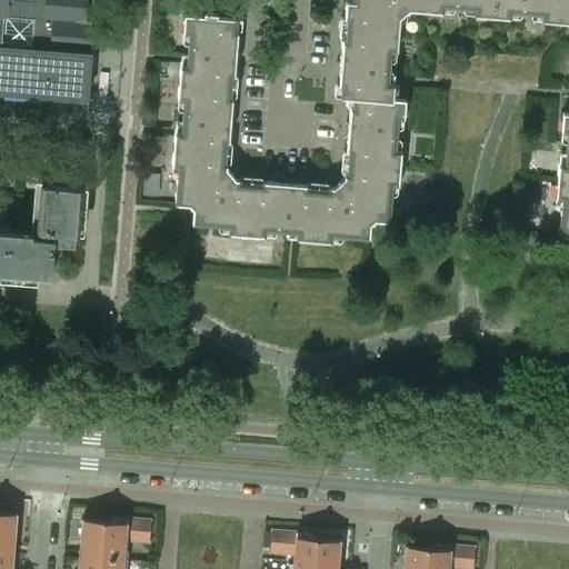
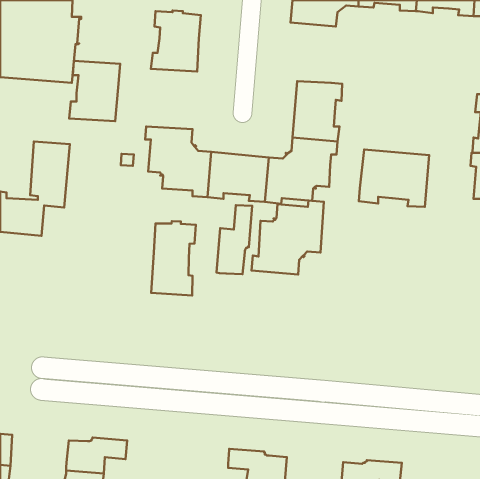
building: [339,30,398,101] -> none
building: [174,84,234,156] -> [69,61,120,121]
building: none -> [359,150,429,207]
building: none -> [252,201,324,274]
building: none -> [216,205,252,274]
building: none -> [151,221,196,296]

